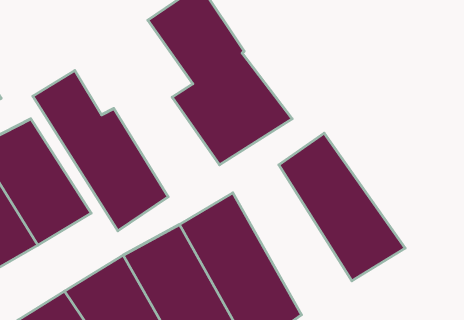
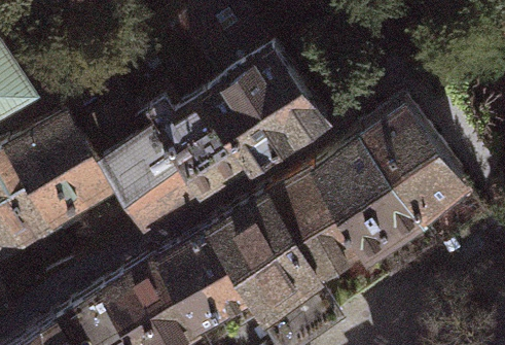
building: none -> [138,98,244,198]
building: none -> [349,101,475,249]
building: none -> [257,166,376,316]

